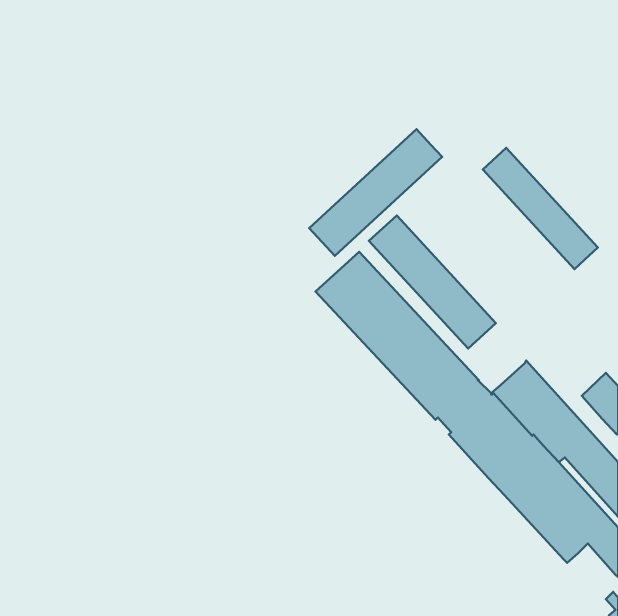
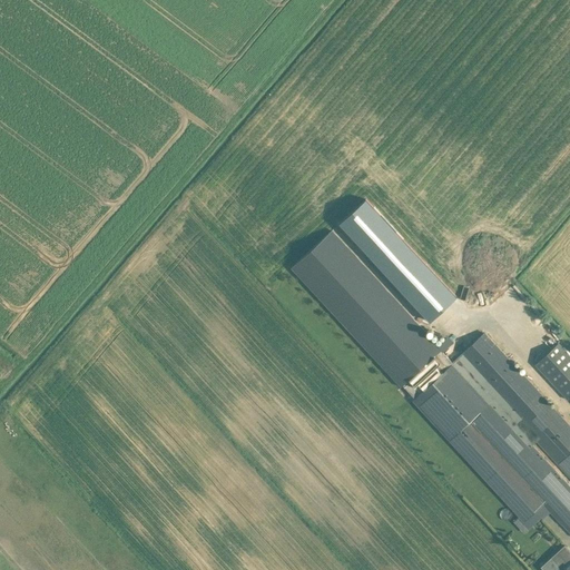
building: [309,129,442,256] -> none
building: [483,148,598,269] -> none

